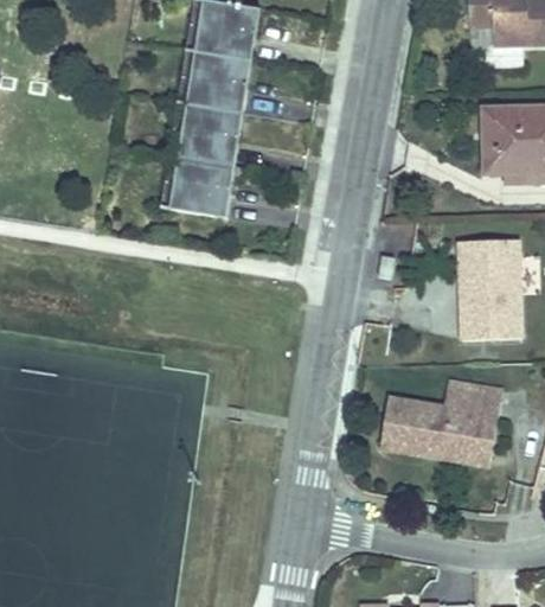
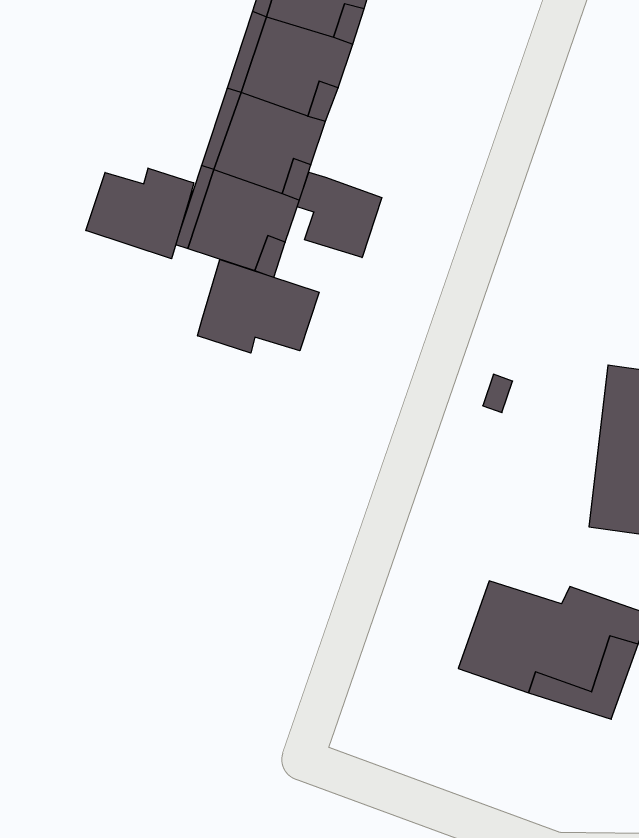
building: none -> [297,172,382,258]
building: none -> [86,168,194,259]
building: none -> [198,259,319,353]

